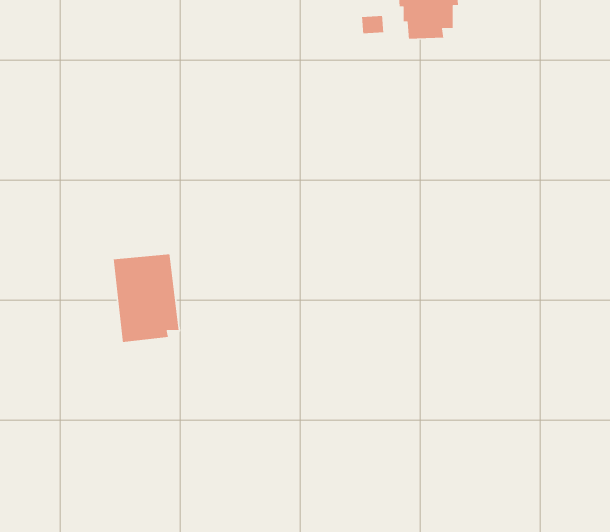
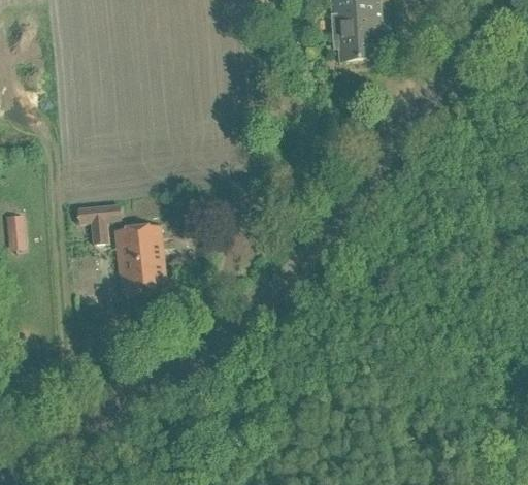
building: none -> [76,201,120,241]

